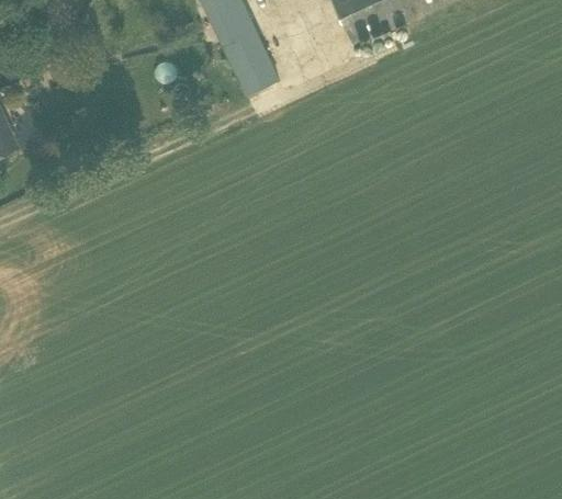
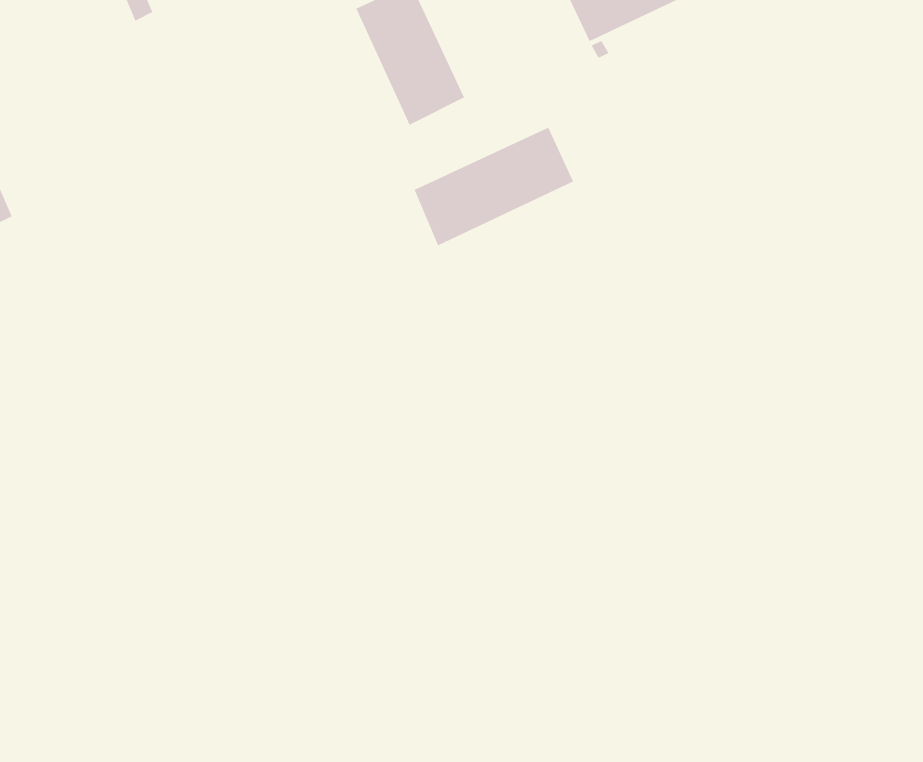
building: none -> [414,127,574,246]

